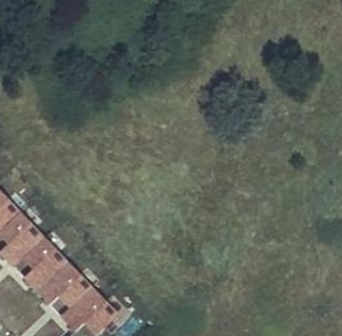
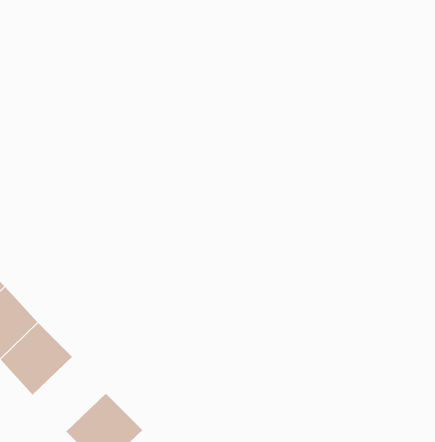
building: [37,260,89,314] -> none

